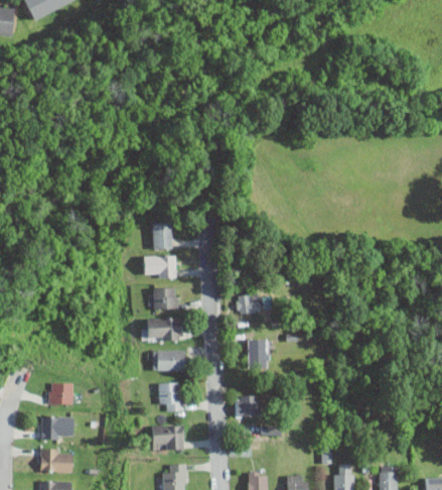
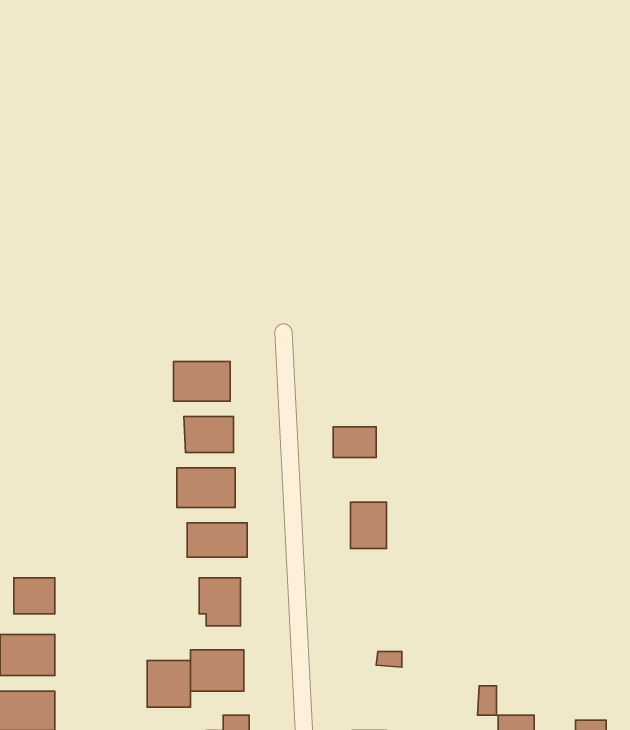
building: [152,223,172,250] -> none
building: [235,395,262,417] -> none
building: none -> [147,660,190,707]

